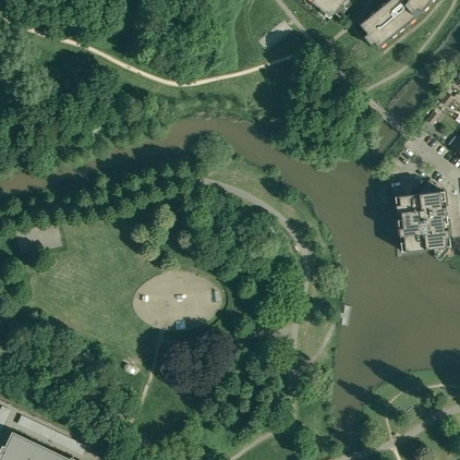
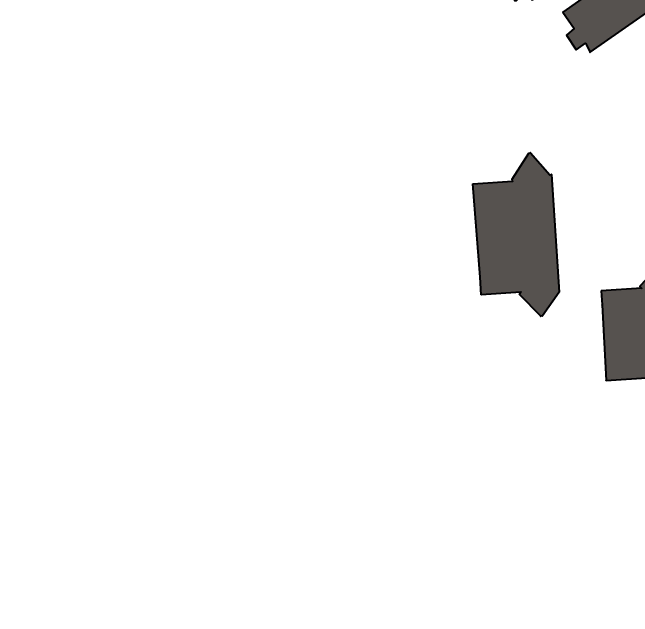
building: none -> [473,153,559,316]

